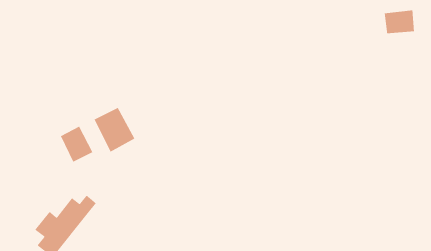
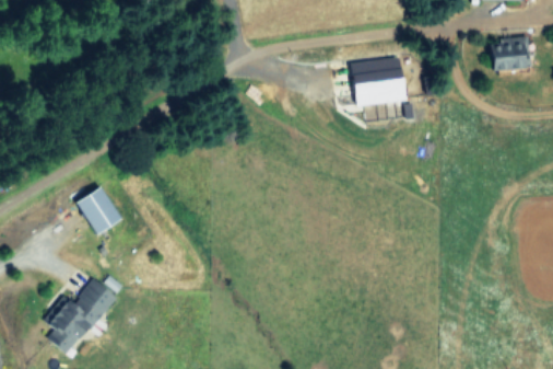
building: none -> [351,58,405,105]
building: [93,107,135,153] -> none

